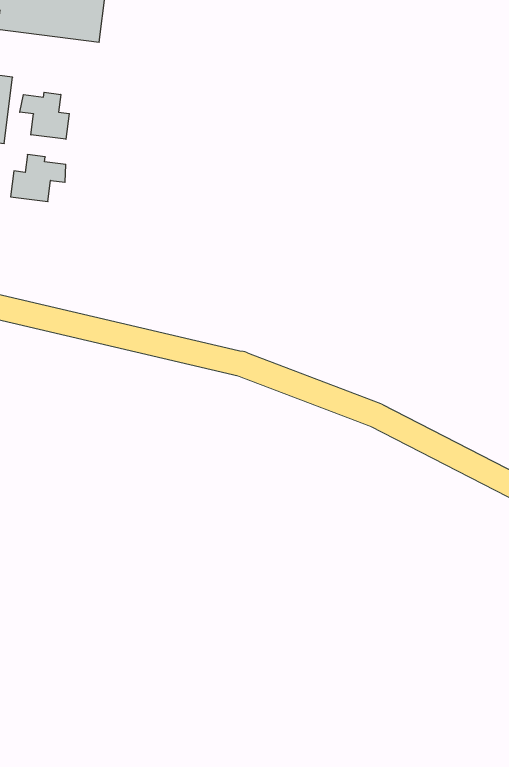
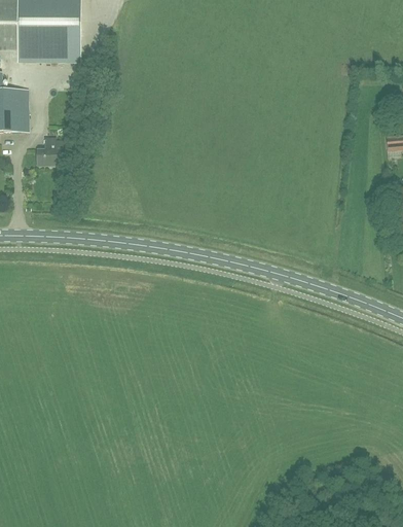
building: [20,92,69,139] -> none

